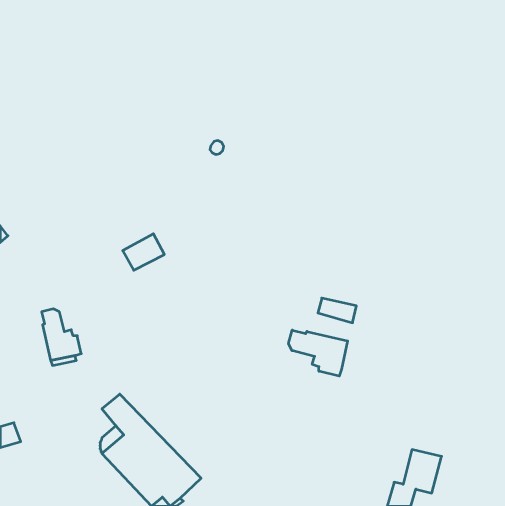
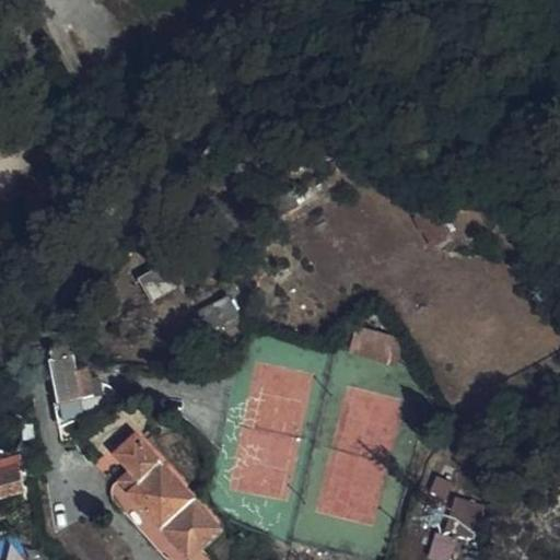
building: none -> [195,298,243,336]
building: [289,330,348,376] -> none

